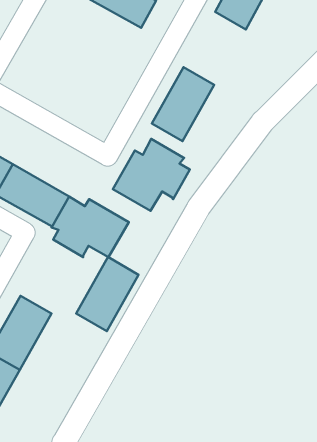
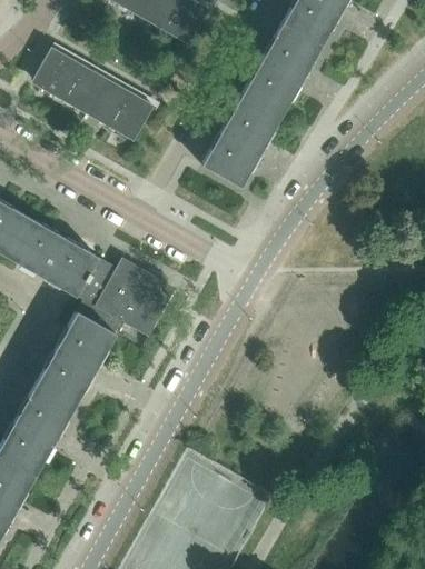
building: none -> [243,23,322,116]
building: none -> [34,48,154,140]
building: [113,139,190,211] -> none
building: [76,257,139,331] -> [37,311,116,405]

